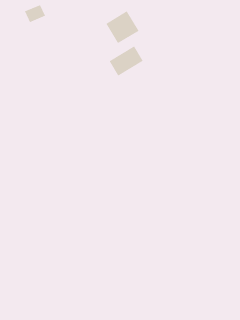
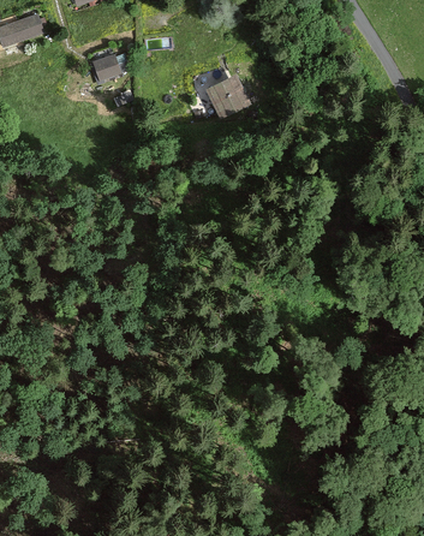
building: [109,46,143,76] -> none

